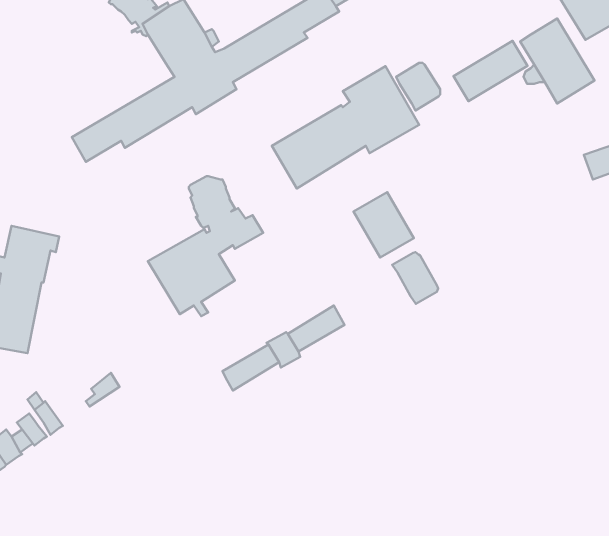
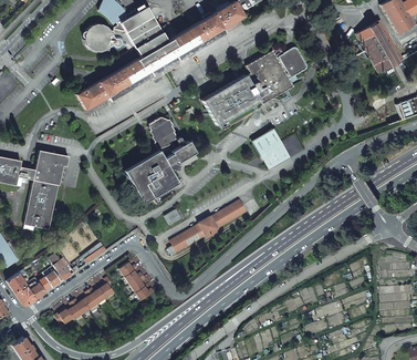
building: none -> [83,22,135,51]
building: [454,41,528,101] -> none
building: [392,252,438,304] -> none
building: none -> [118,261,155,299]
building: none -> [54,275,113,322]

